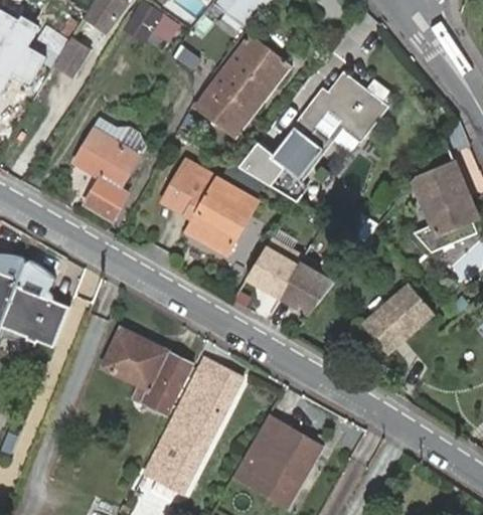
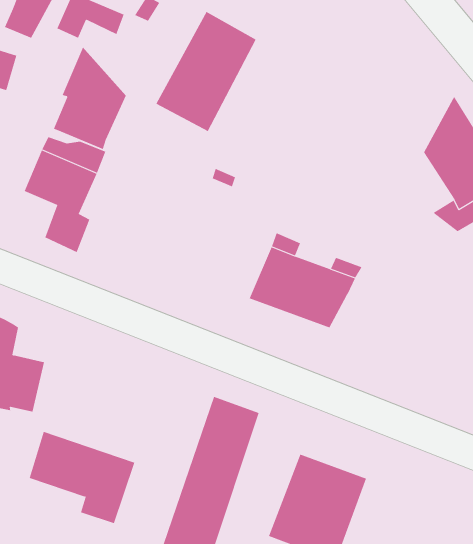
building: none -> [53,46,126,150]
building: [238,76,382,195] -> none
building: [169,164,256,253] -> none
building: [366,289,429,350] -> none
building: [102,328,192,414] -> [29,431,135,524]

